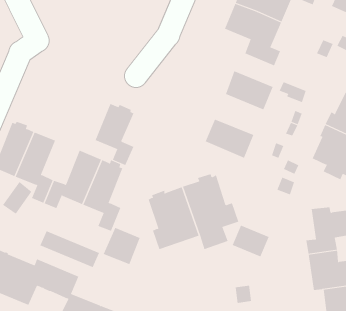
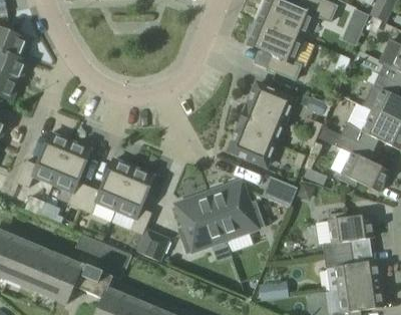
building: none -> [238,104,285,143]
building: [95,103,134,166] -> none
building: [232,225,269,257] -> [262,176,297,206]

